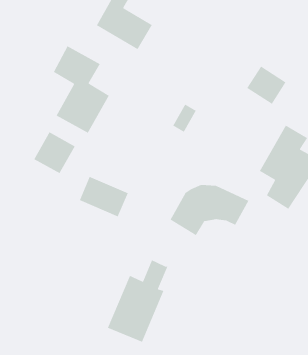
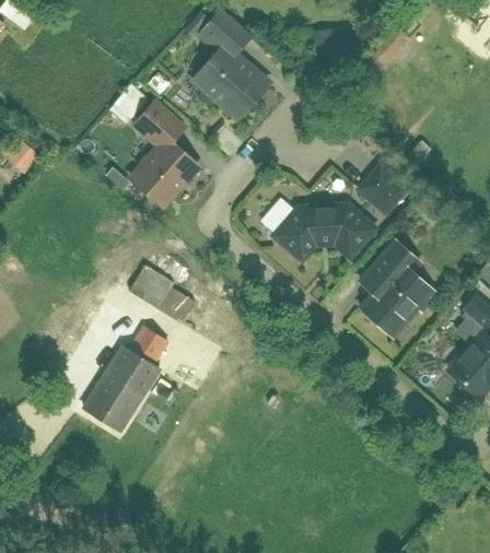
building: [33,131,76,174] -> none
building: [169,184,250,236] -> [272,201,372,262]
building: [107,259,168,343] -> [80,323,166,422]

